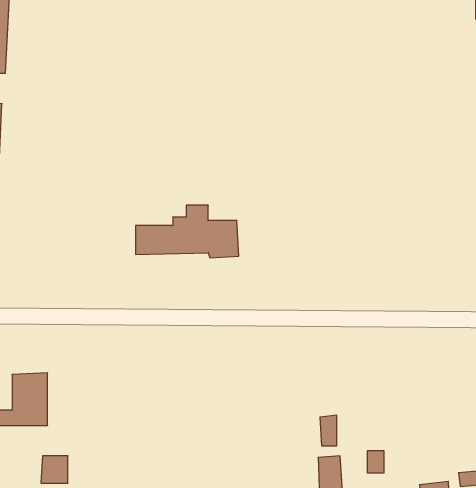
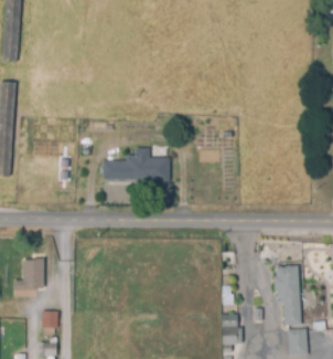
building: none -> [272,265,303,326]

